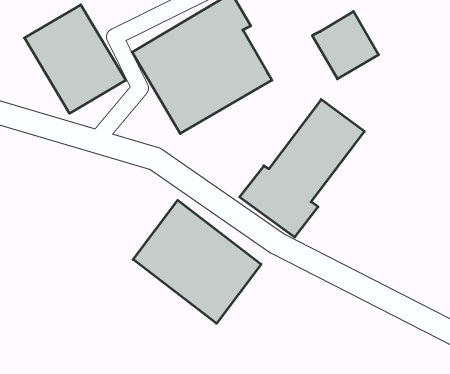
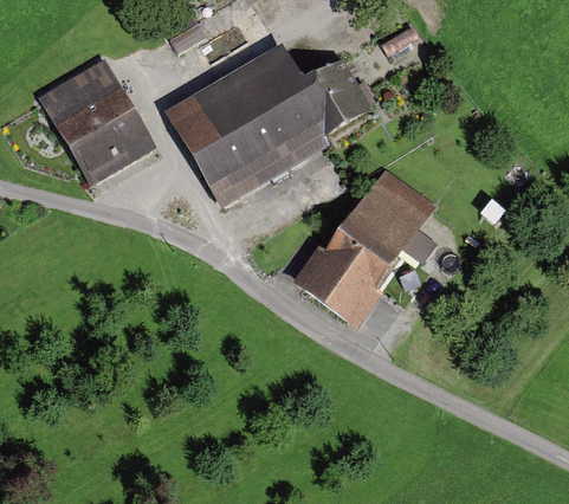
building: [312,11,379,79] -> [295,57,373,136]
building: [133,200,261,323] -> none

